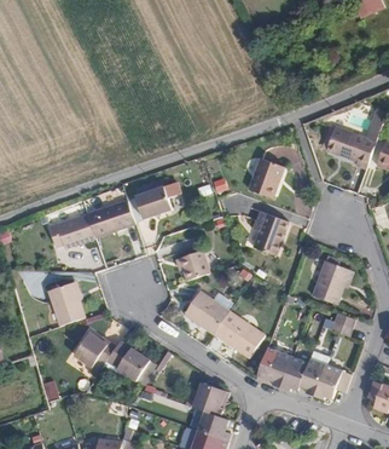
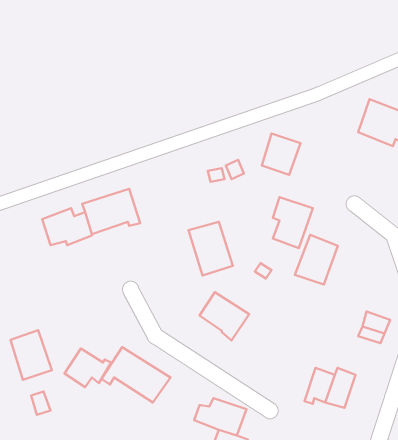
building: [138,185,173,218] -> none
building: [312,259,349,303] -> [295,235,338,284]
building: [46,283,82,327] -> [11,330,52,380]
building: [216,312,263,353] -> none
building: [259,355,290,388] -> none
building: [315,365,353,396] -> none

